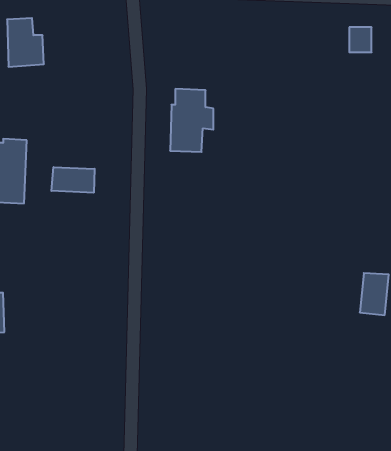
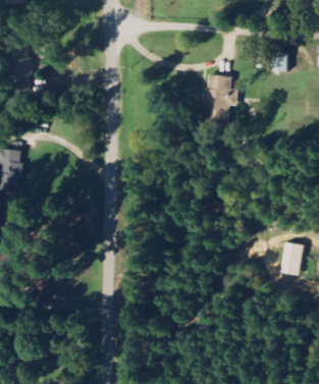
building: [170,89,213,152] -> [204,74,237,123]
building: [51,167,95,193] -> none

